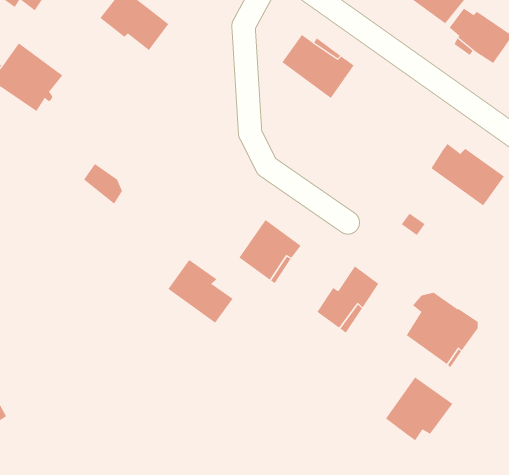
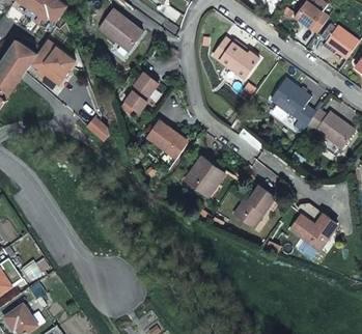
building: none -> [123,68,158,109]
building: none -> [268,76,312,129]
building: [167,259,234,324] -> [145,116,187,157]
building: [385,377,453,441] -> none

